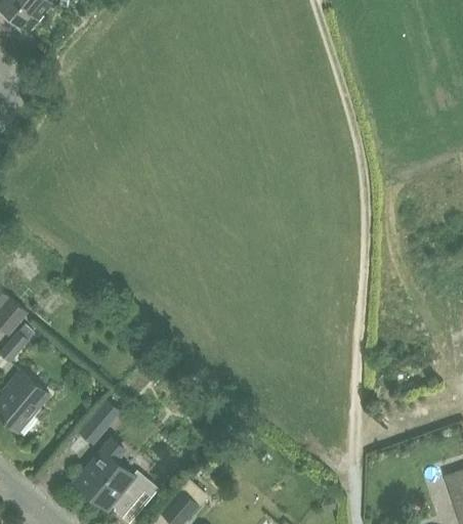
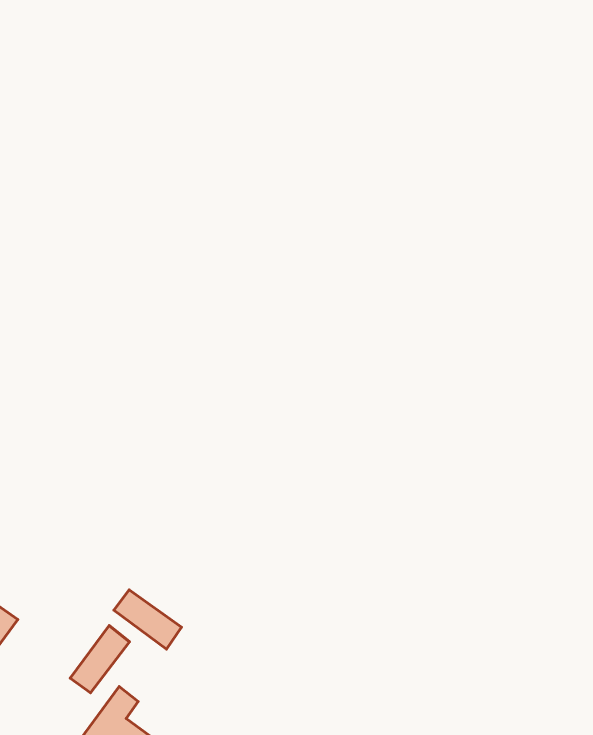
building: none -> [114,590,181,649]

